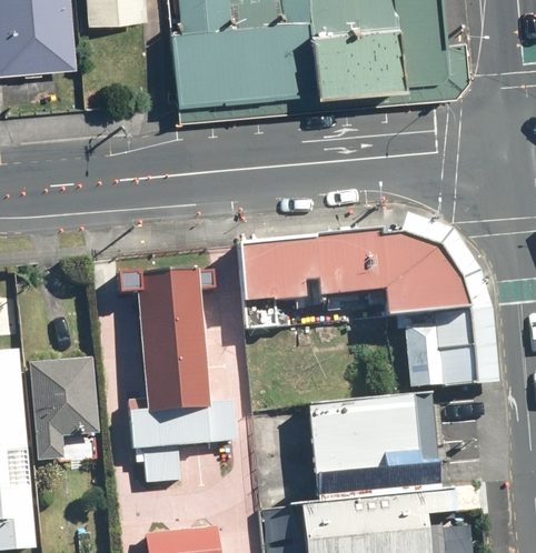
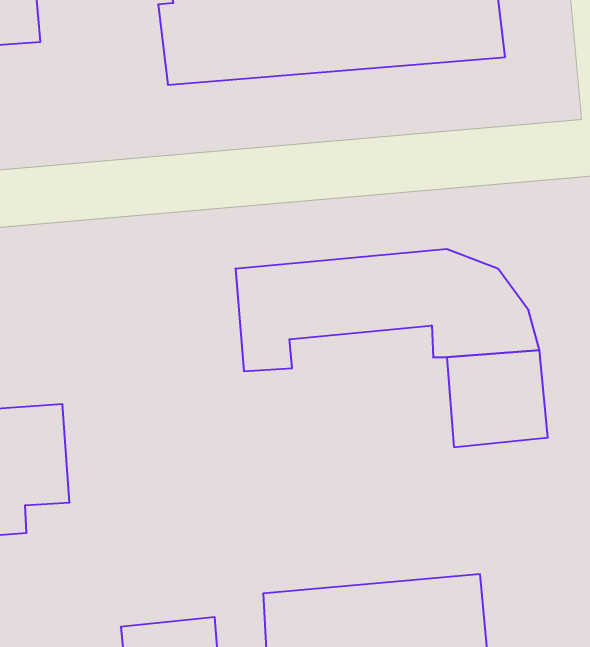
building: [118,269,237,481] -> none
building: [309,395,441,477] -> none

